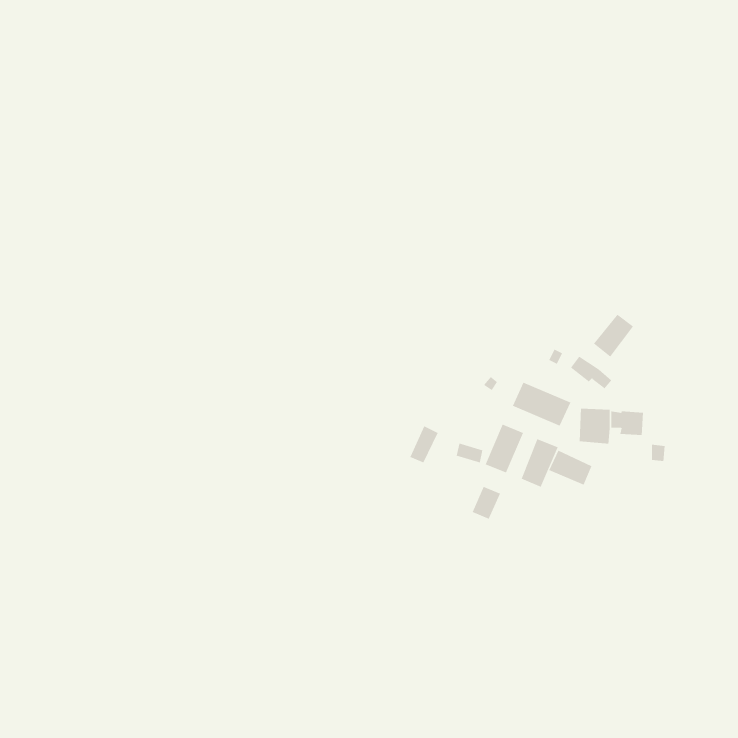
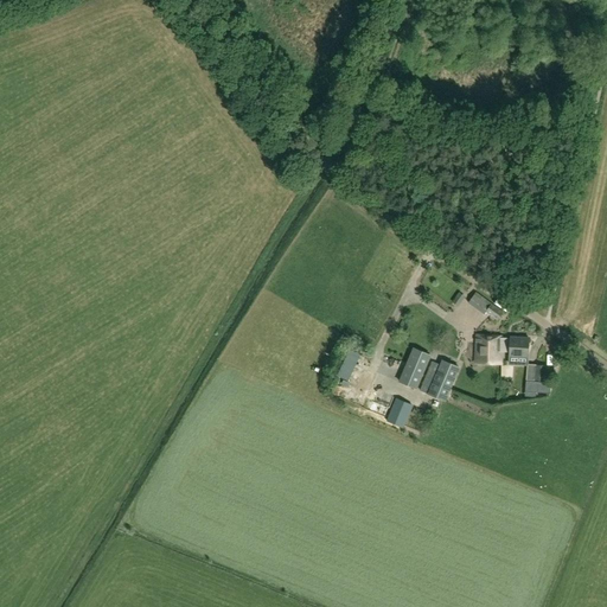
building: [593,314,634,357] -> none
building: [512,382,571,427] -> none
building: [549,450,592,485] -> none

